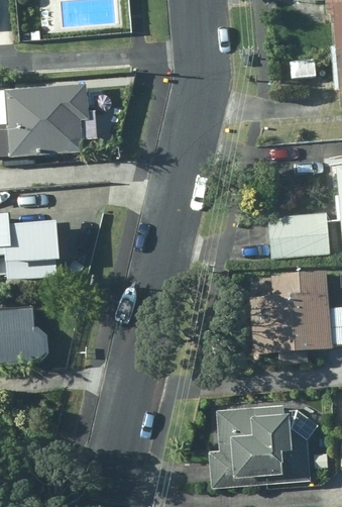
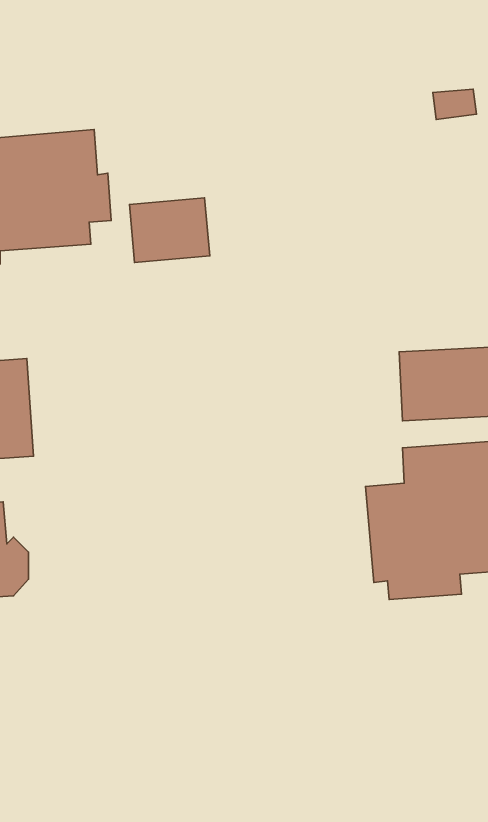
building: none -> [129,198,210,262]
building: [208,404,310,486] -> none

